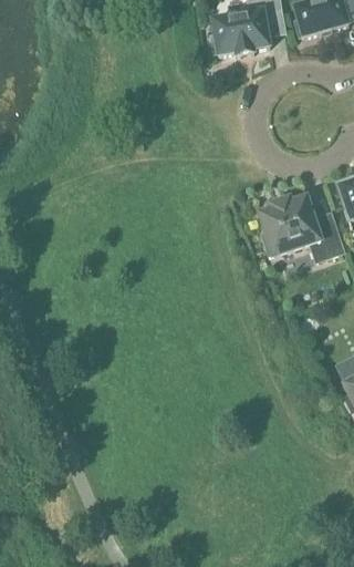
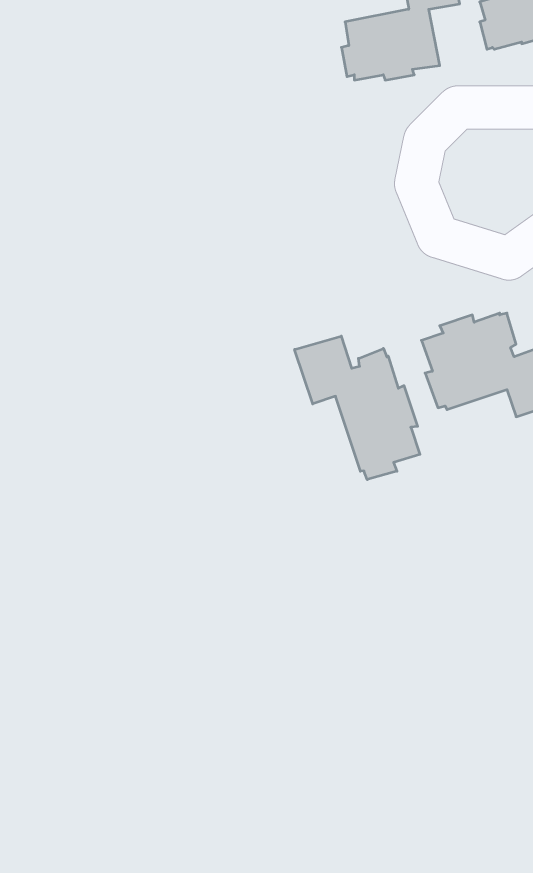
building: none -> [295,336,420,480]

